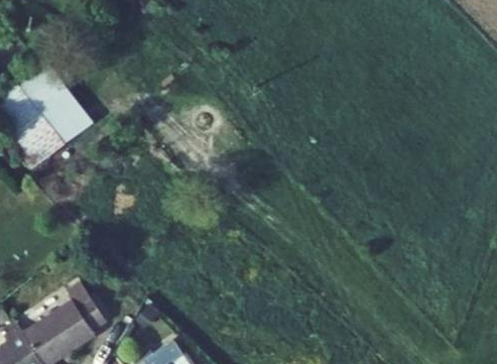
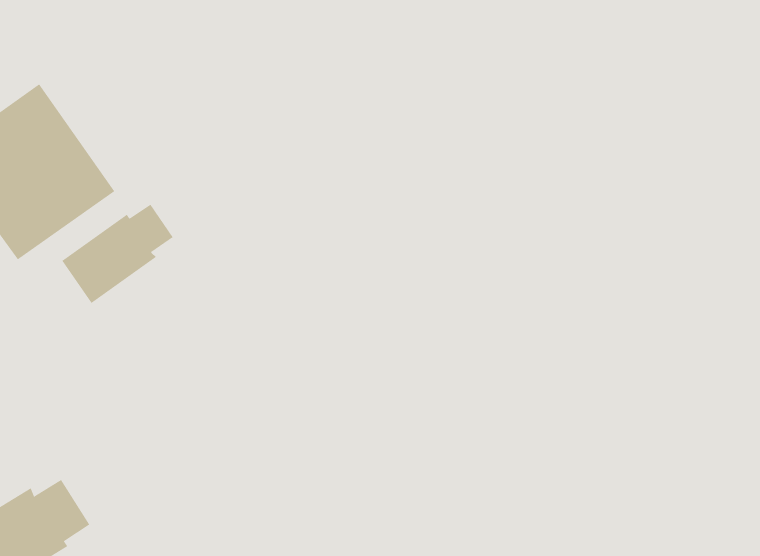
building: none -> [62,204,174,304]

